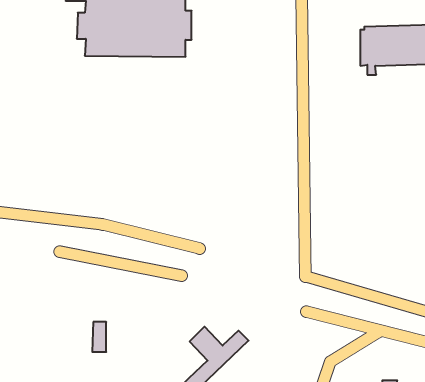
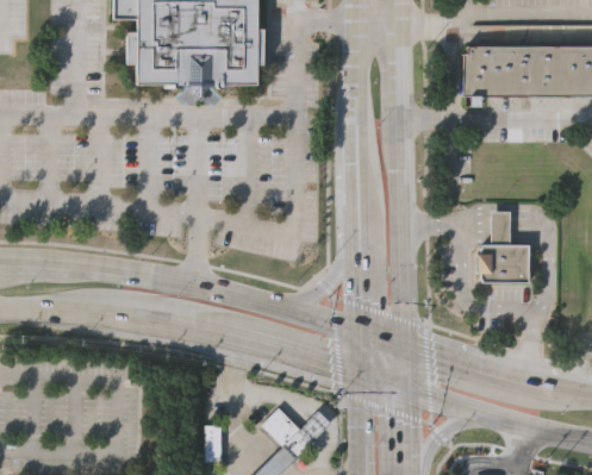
building: none -> [479,212,529,283]
building: [92,322,106,352] -> [202,426,219,462]

